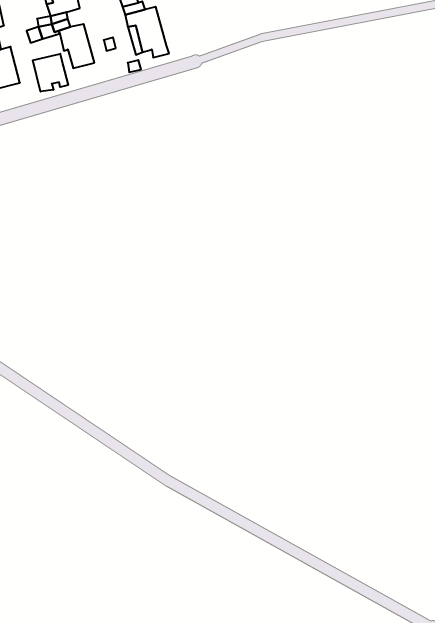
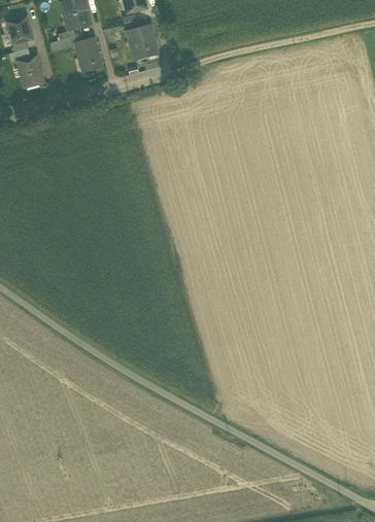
building: [33,54,68,92] -> none

